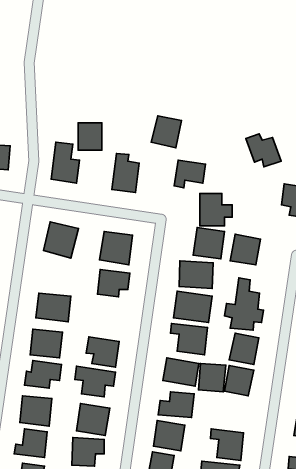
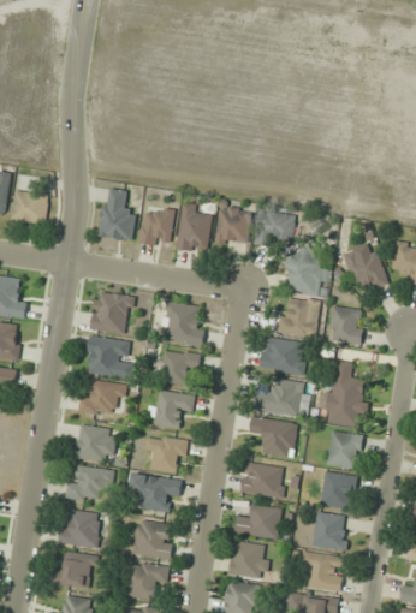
building: [151,116,181,148] -> [214,206,252,246]
building: [78,123,102,150] -> [142,209,172,244]
building: [246,134,281,167] -> [344,249,388,291]
building: none -> [85,337,131,376]
building: none -> [149,393,191,427]
building: [198,363,226,392] -> [314,513,349,549]

